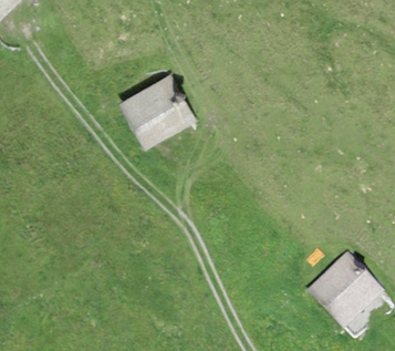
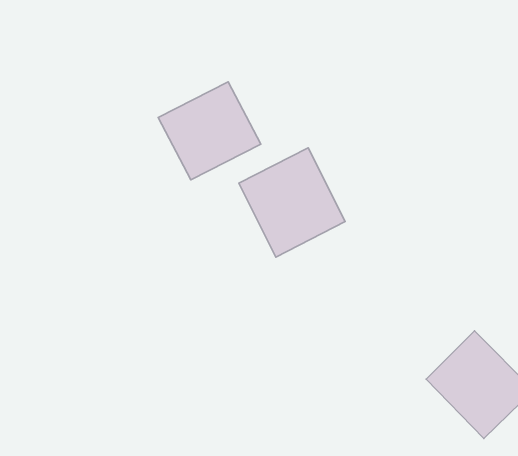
building: none -> [239,148,345,257]

